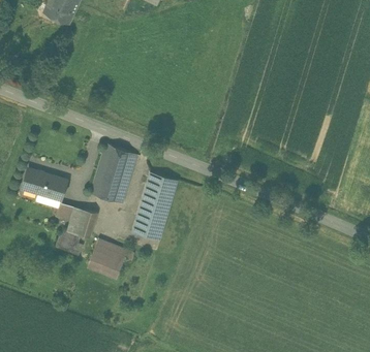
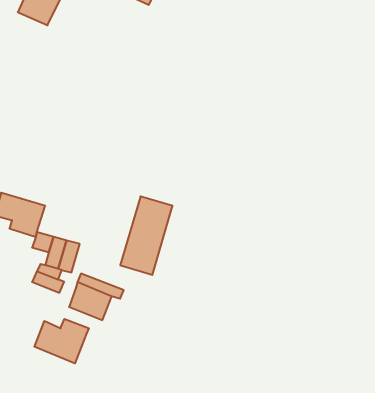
building: [90,143,136,202] -> none
building: none -> [34,319,89,363]

